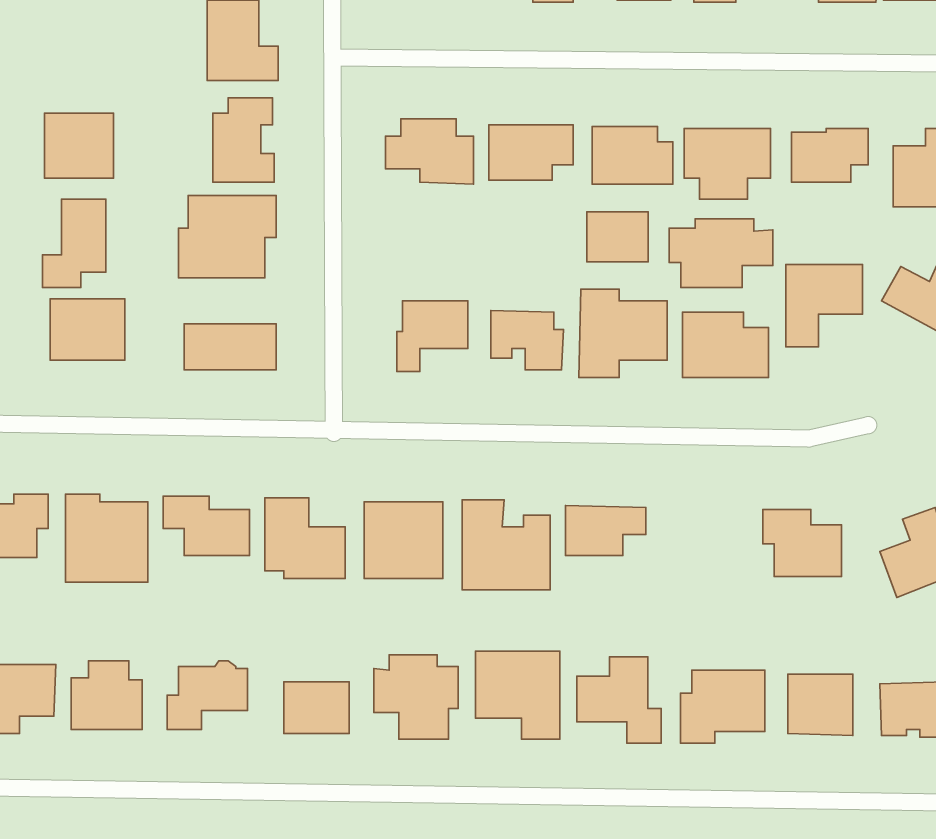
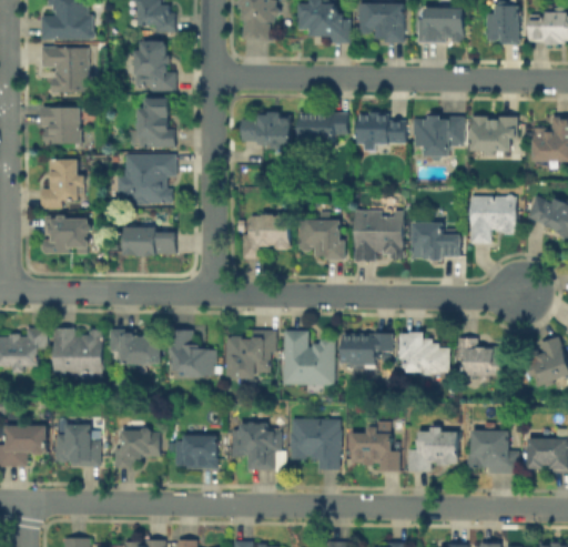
building: none -> [40,49,87,93]
building: [587,212,648,262] -> none
building: [669,219,773,288] -> none
building: none -> [400,335,446,374]

